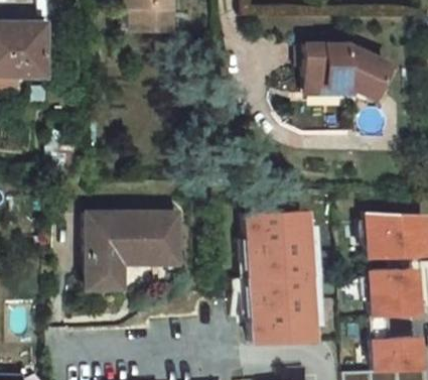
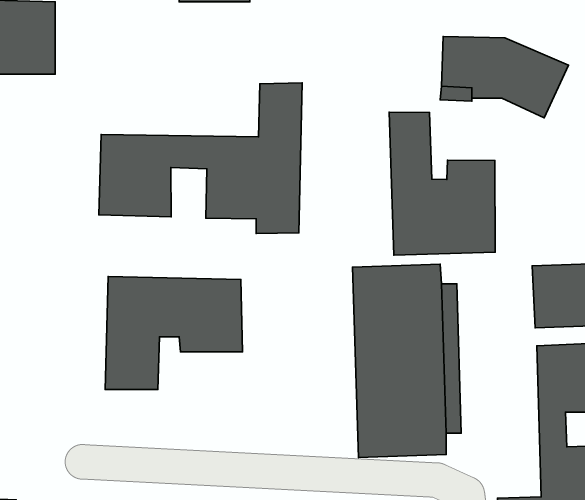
building: none -> [99,83,302,234]
building: none -> [389,112,495,255]

